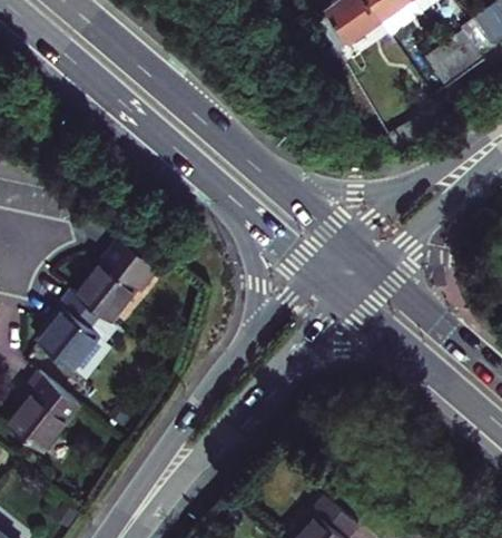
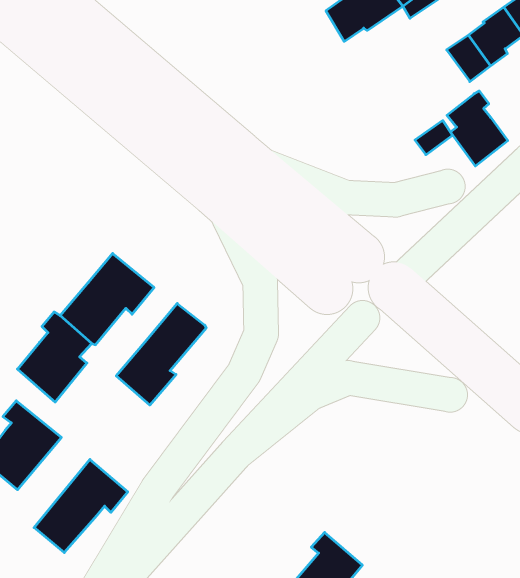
building: none -> [447,91,508,166]
building: none -> [116,303,206,405]
building: none -> [34,459,128,553]

